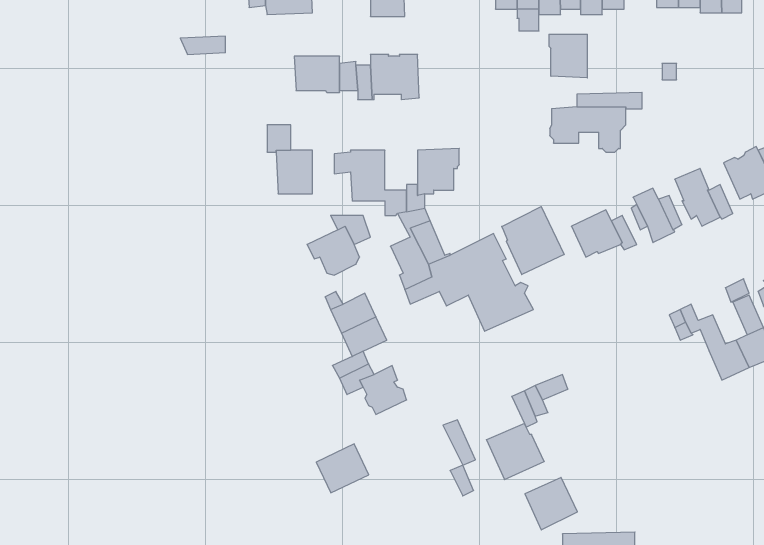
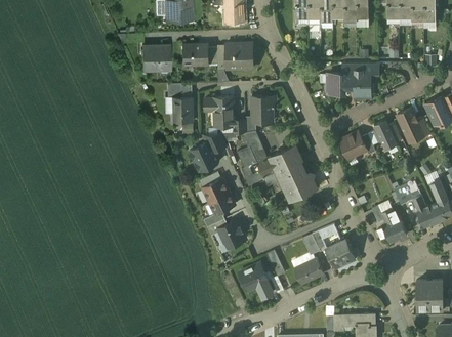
building: [549,34,587,78] -> none
building: none -> [142,44,171,72]
building: [502,207,564,275] -> none
building: none -> [372,201,407,242]
building: [316,444,369,493] -> [239,262,269,290]
building: none -> [416,280,444,309]
building: [525,477,577,530] -> [326,239,356,268]

